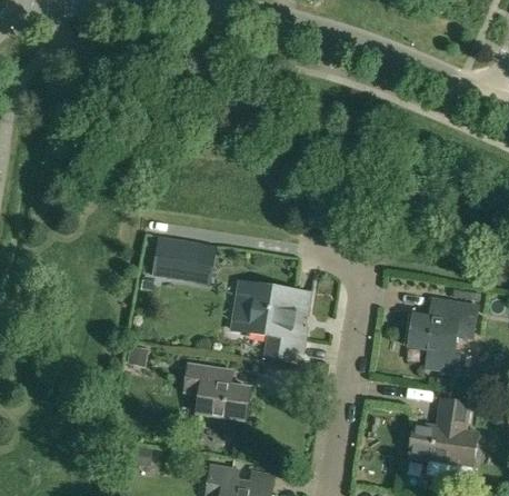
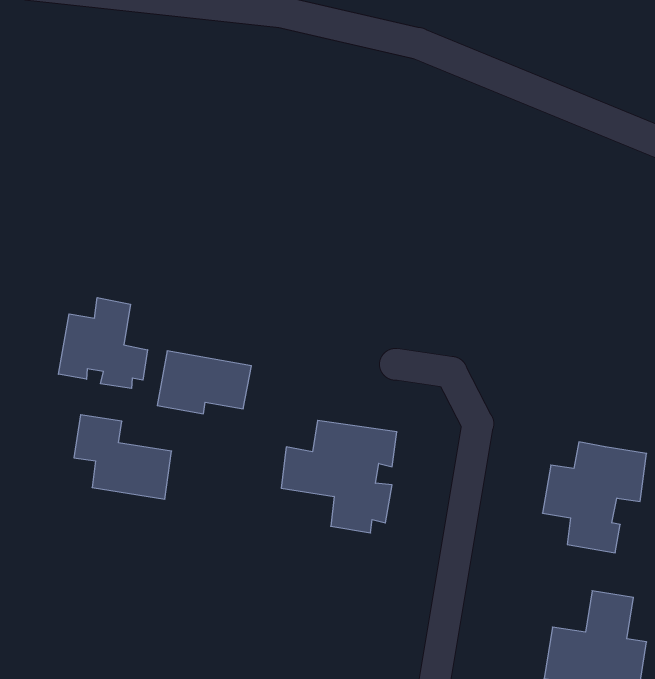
building: none -> [58,298,148,388]
building: [184,363,250,419] -> [74,415,172,499]

